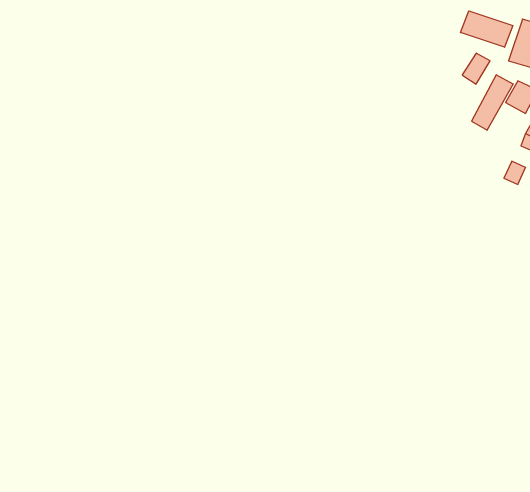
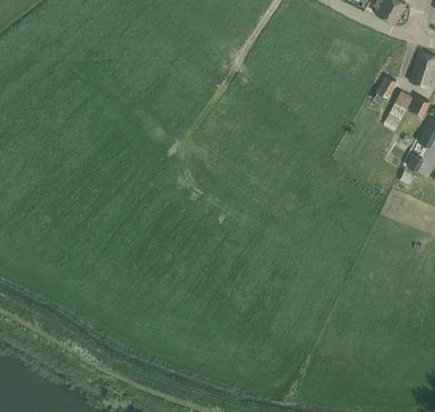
building: [461,11,513,47] -> none

